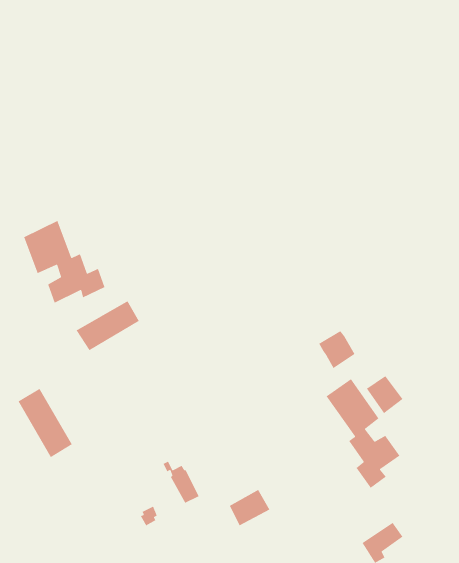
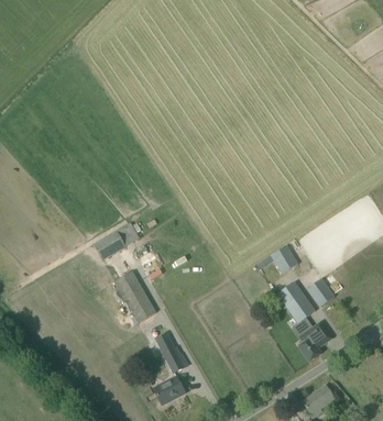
building: [23,220,105,304] -> none
building: [17,388,73,458] -> [116,272,156,323]
building: [229,489,271,526] -> [154,377,185,405]

